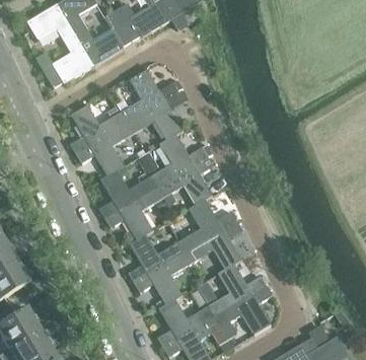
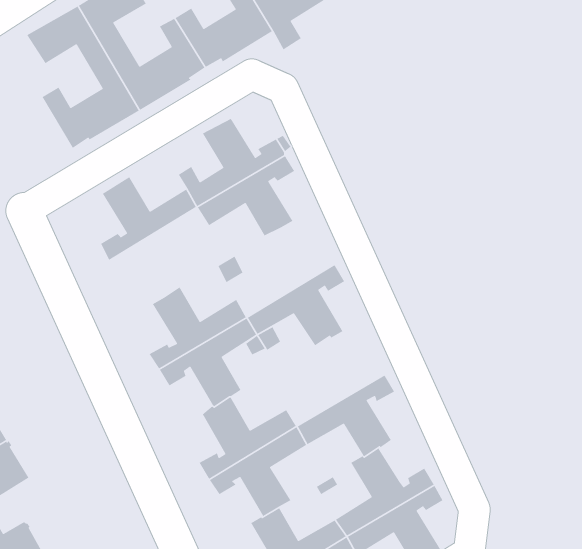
building: [75,123,134,175] -> none
building: [150,135,208,188] -> none
building: [179,199,237,251] -> none

